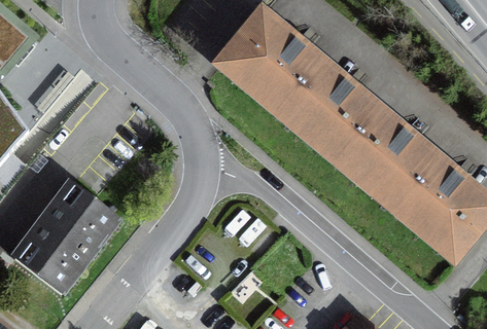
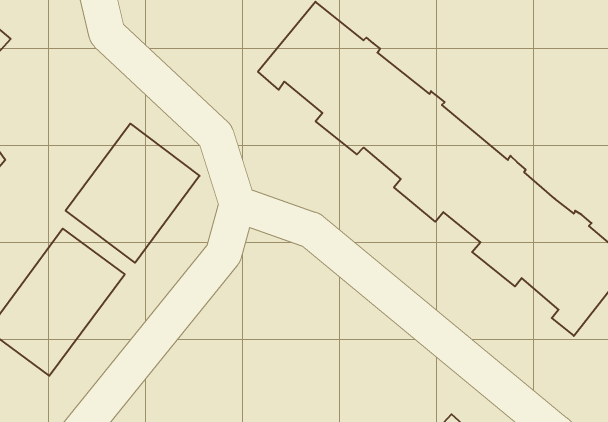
building: none -> [66,124,200,263]

